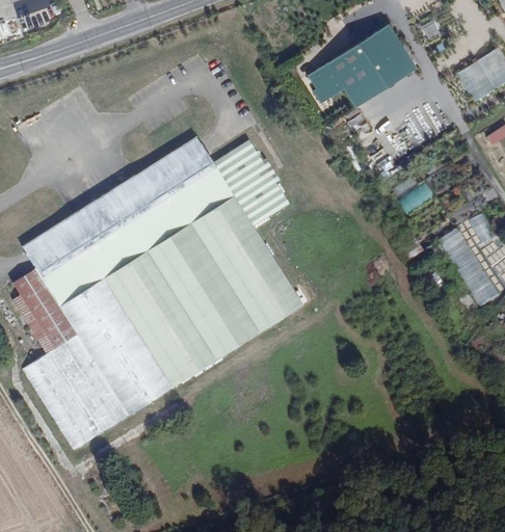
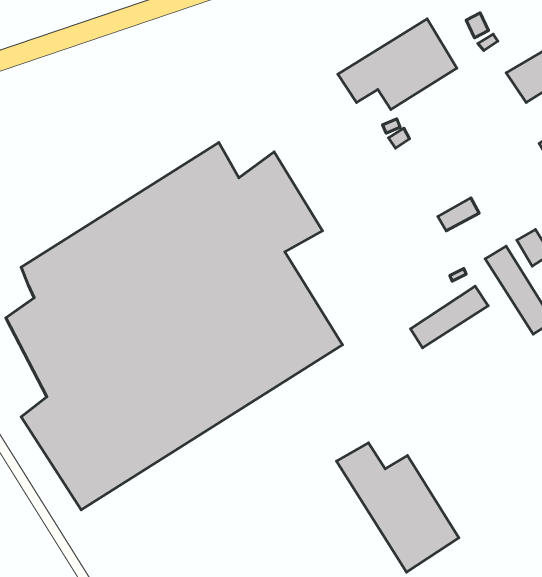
building: none -> [410,286,488,348]
building: none -> [336,443,459,572]

